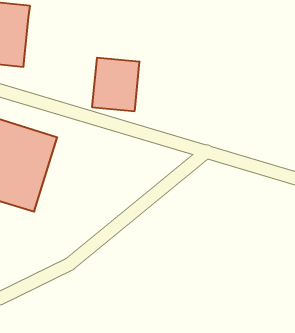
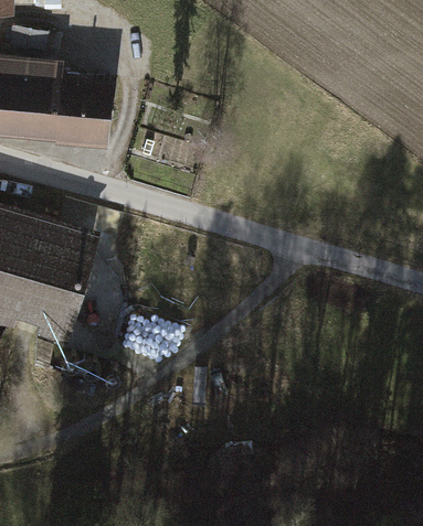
building: [92,58,140,111] -> [47,75,112,147]

